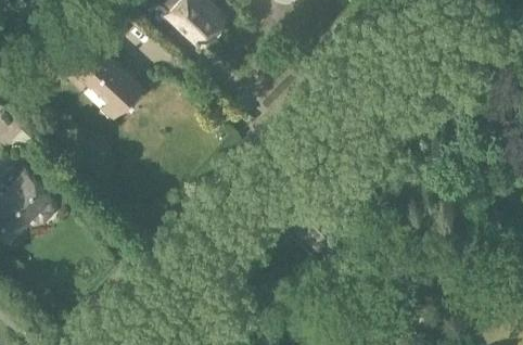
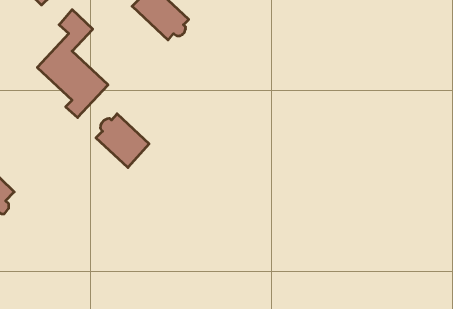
building: none -> [96,114,149,168]

